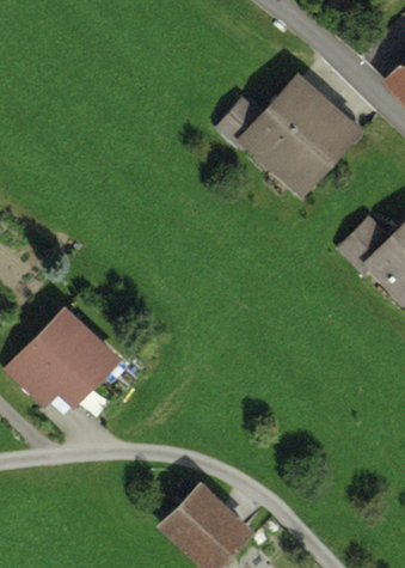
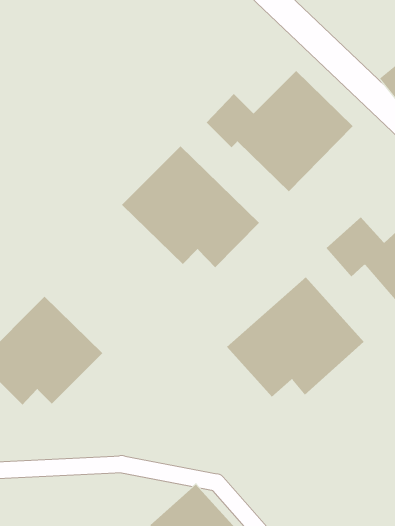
building: none -> [121,146,260,268]
building: none -> [226,277,365,398]

